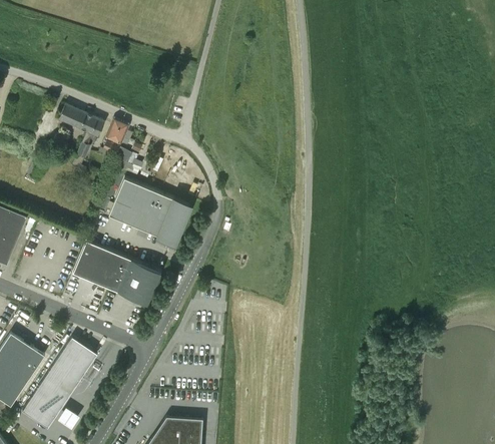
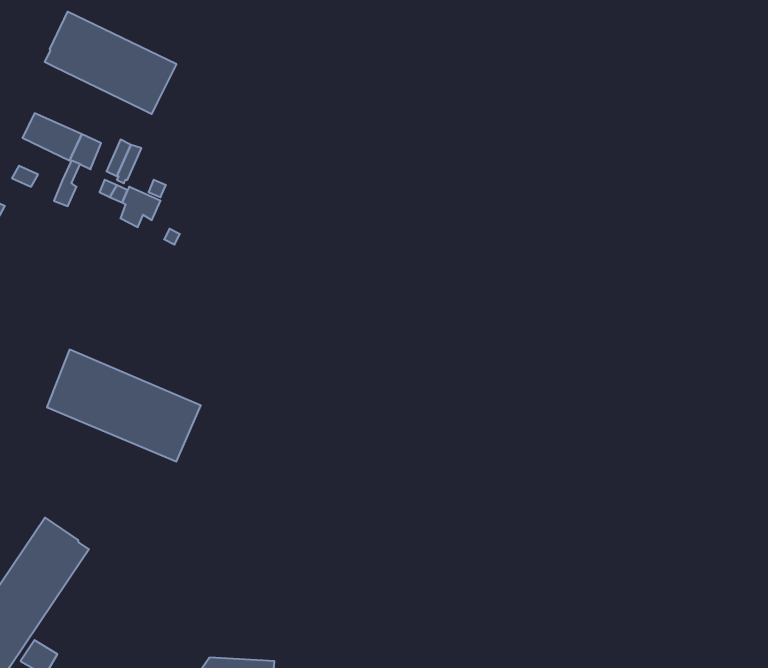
building: none -> [45,12,176,114]
building: [108,178,189,245] -> none

